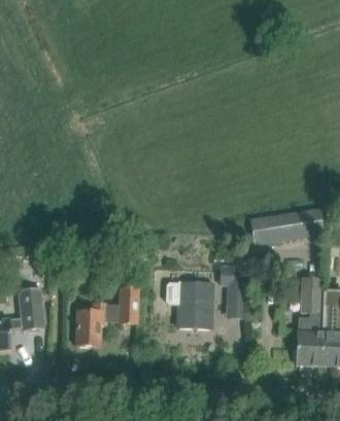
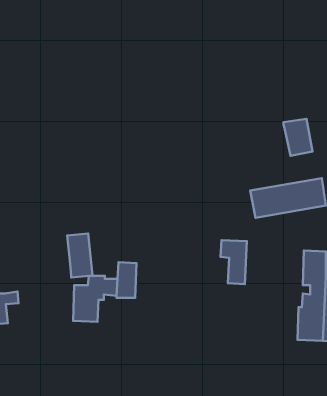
building: none -> [283,119,312,156]
building: [166,282,213,330] -> none
building: [19,288,43,331] -> [67,233,92,278]

